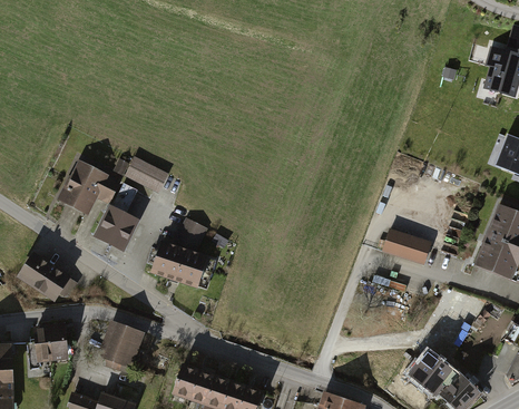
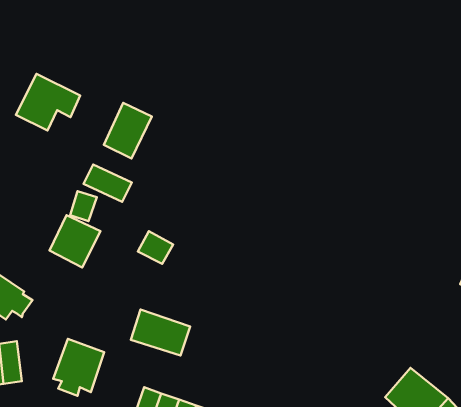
building: none -> [104,103,152,158]
building: [59,160,118,213] -> [16,74,80,131]
building: [383,233,428,267] -> none
building: [151,241,206,283] -> [131,309,190,355]

